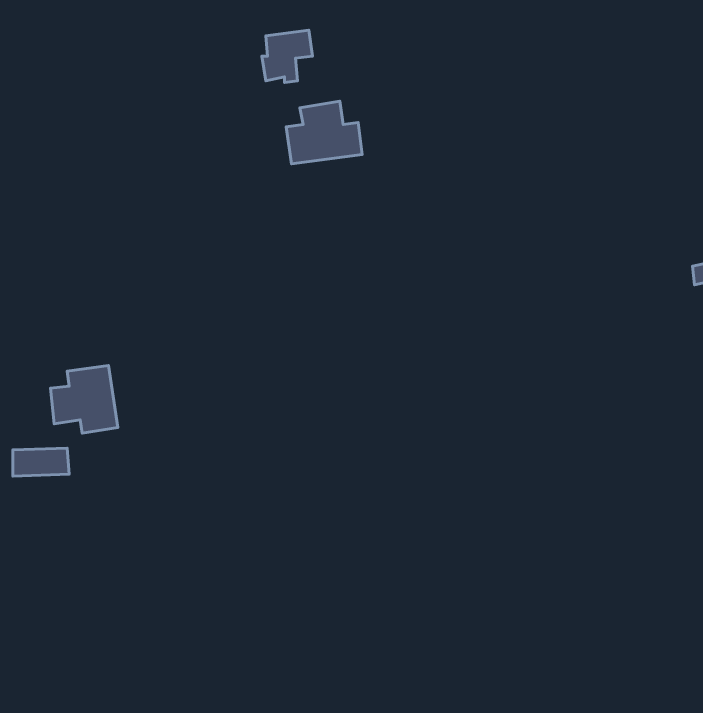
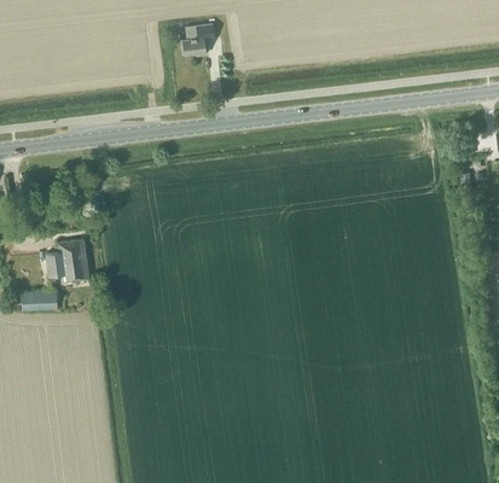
building: [286,101,362,164] -> none

